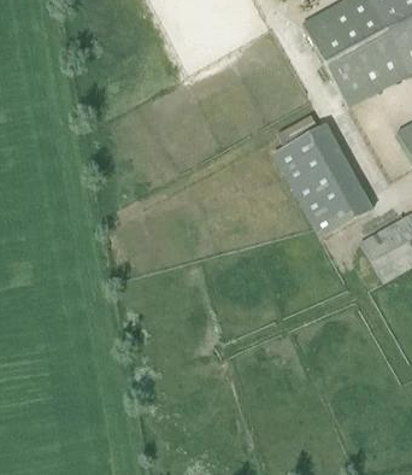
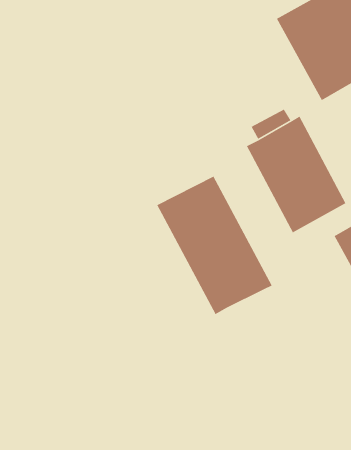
building: none -> [156,175,273,315]

